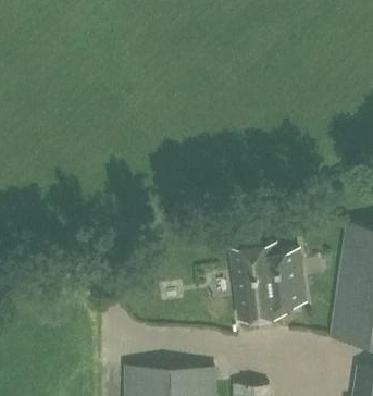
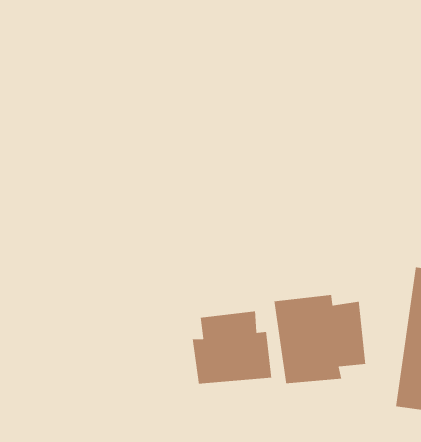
building: none -> [192,310,272,385]

